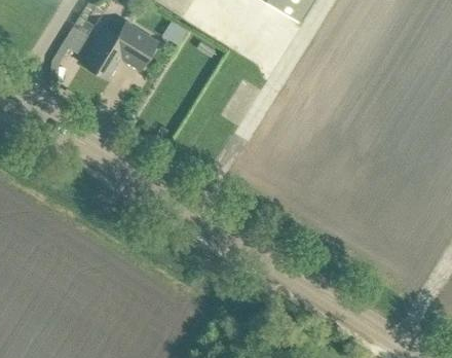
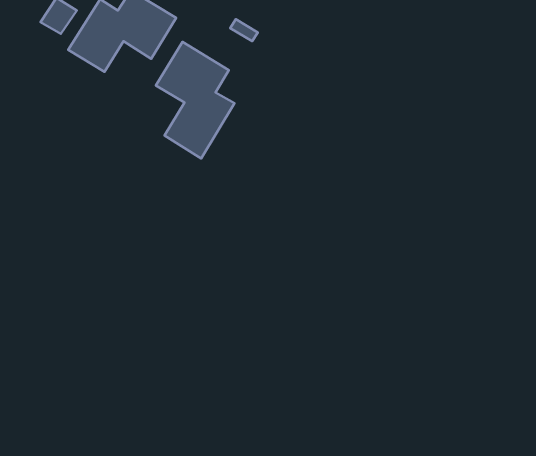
building: none -> [156,42,234,159]

